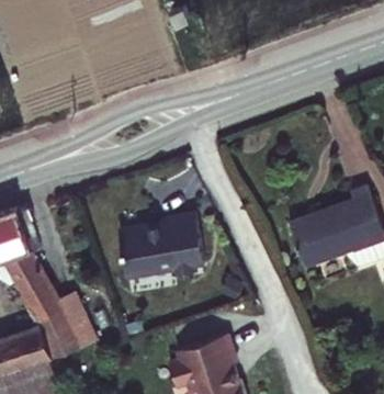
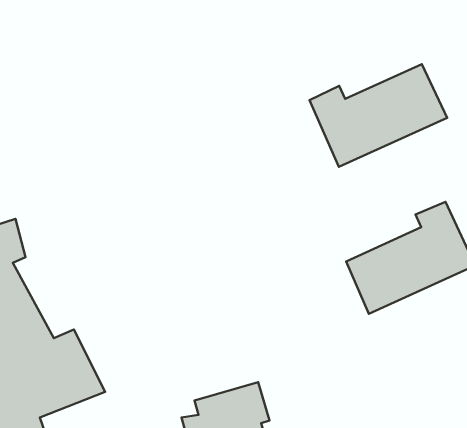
building: none -> [309,64,447,167]
building: [117,214,202,277] -> none

